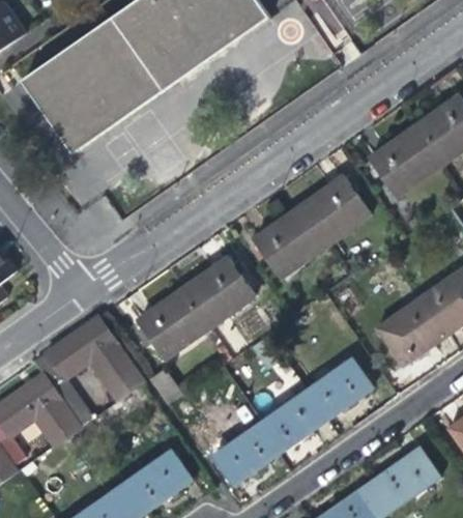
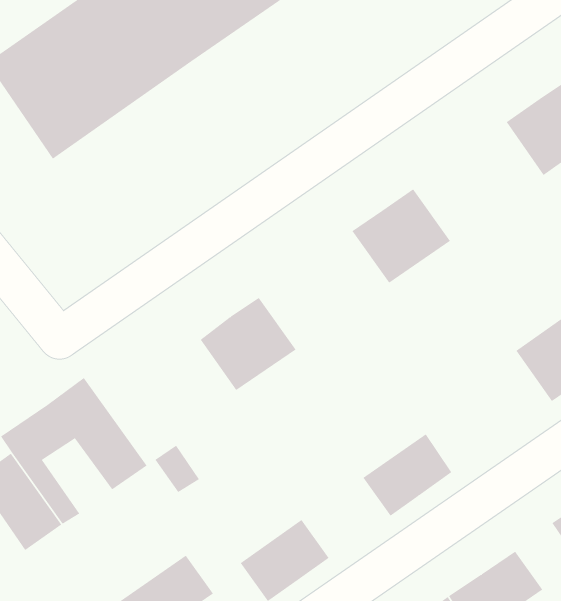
building: [368,124,440,197] -> none
building: [252,206,324,278] -> none
building: [136,288,209,358] -> none
building: [376,296,446,366] -> none
building: [259,392,325,452] -> none

